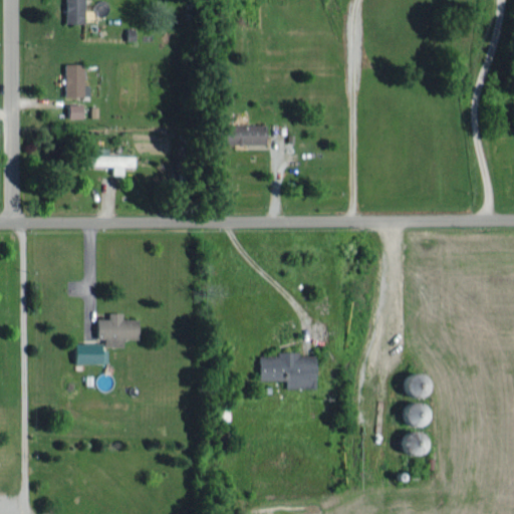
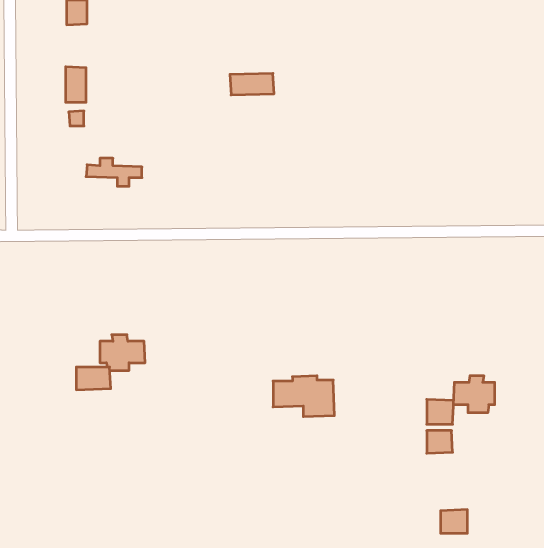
building: [226,125,267,146] -> [230,73,274,95]
building: none -> [454,376,495,413]
building: [401,433,426,455] -> [441,510,467,533]

